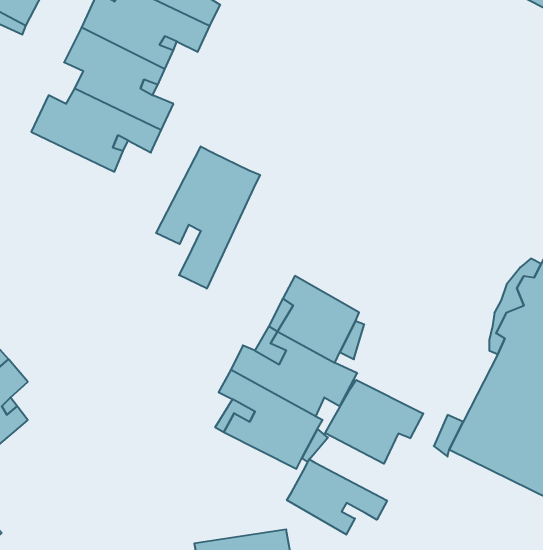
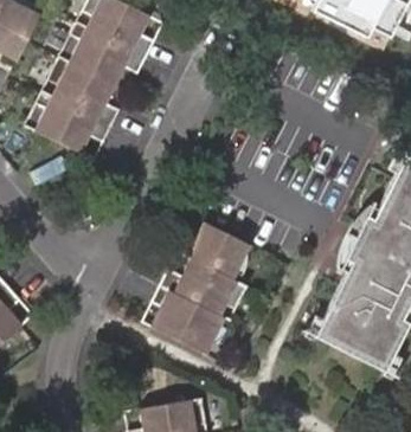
building: [156,146,260,289] -> none
building: [325,380,423,464] -> none
building: [287,459,387,535] -> none

